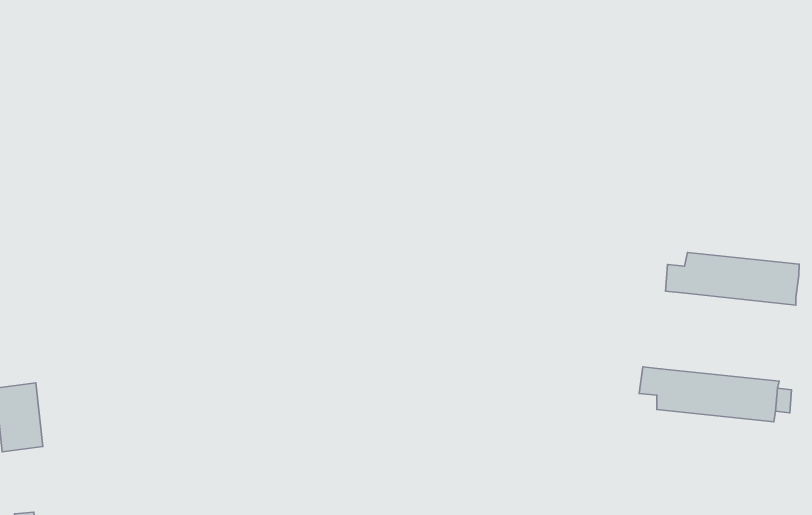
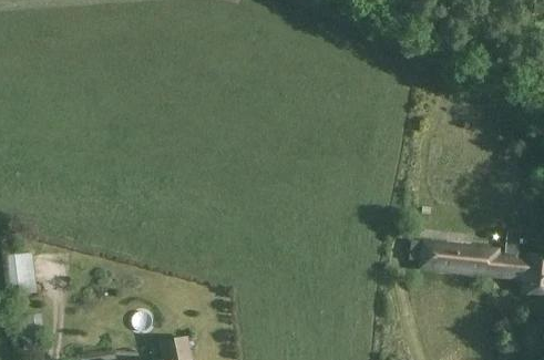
building: [666,252,799,305] -> none

